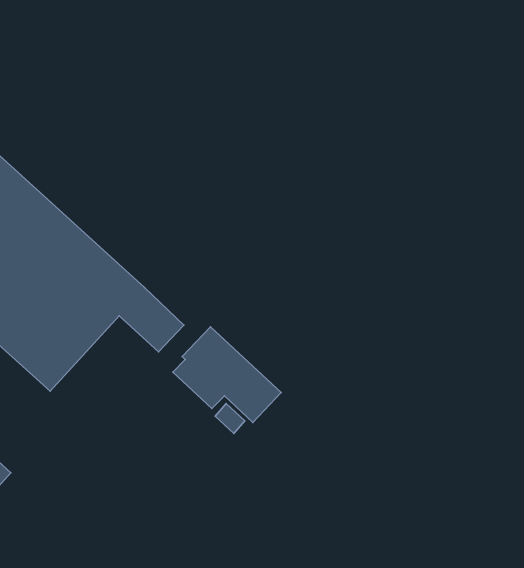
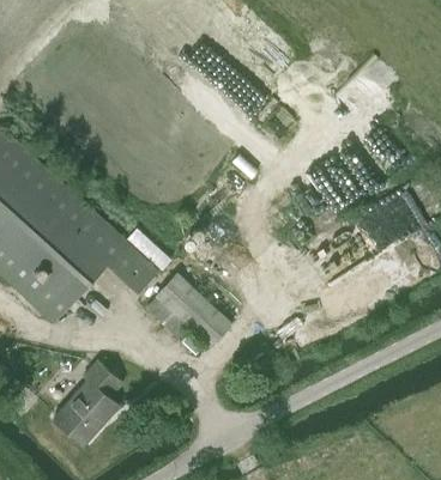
building: none -> [55,361,123,445]

